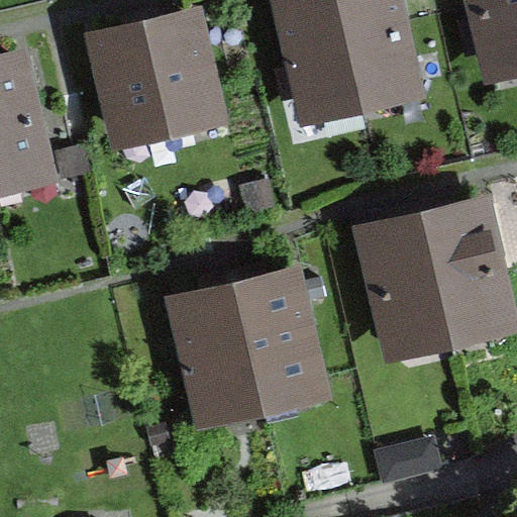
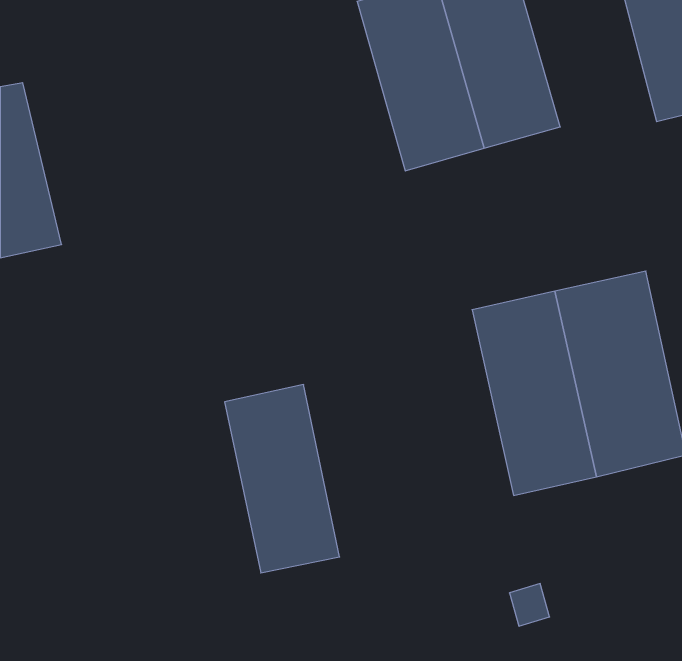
building: [80,13,226,156] -> none
building: [230,278,321,421] -> none

